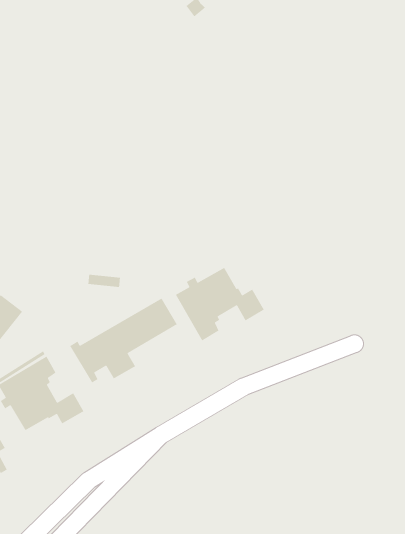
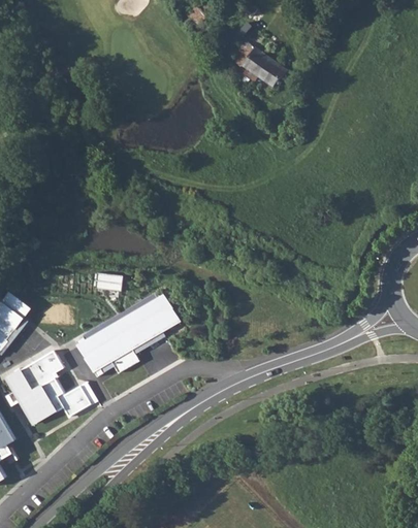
building: none -> [236,39,287,88]
building: [175,267,265,341] -> none

